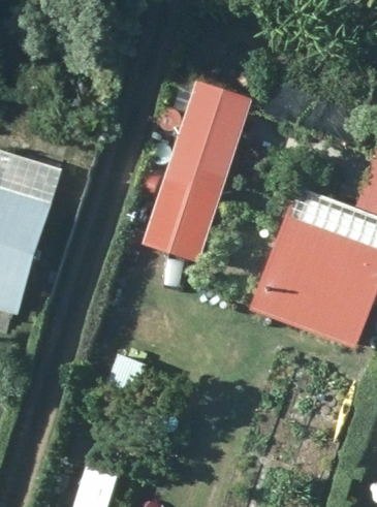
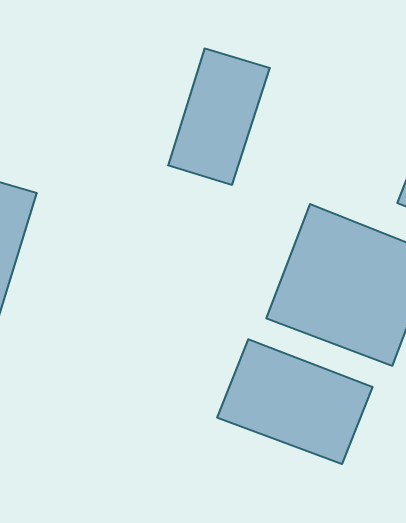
building: none -> [217,339,372,464]

